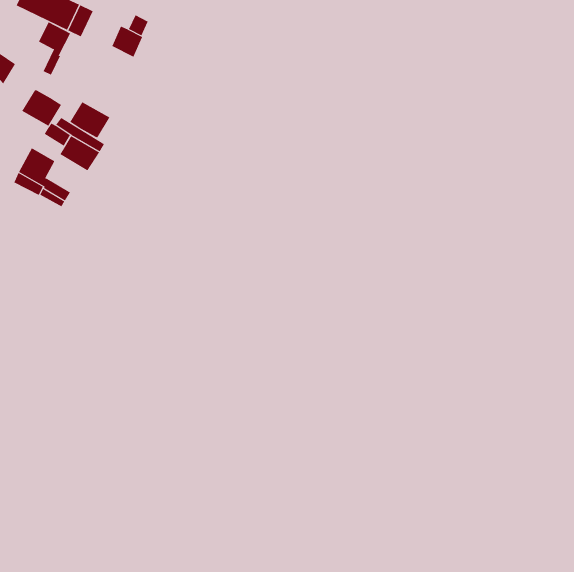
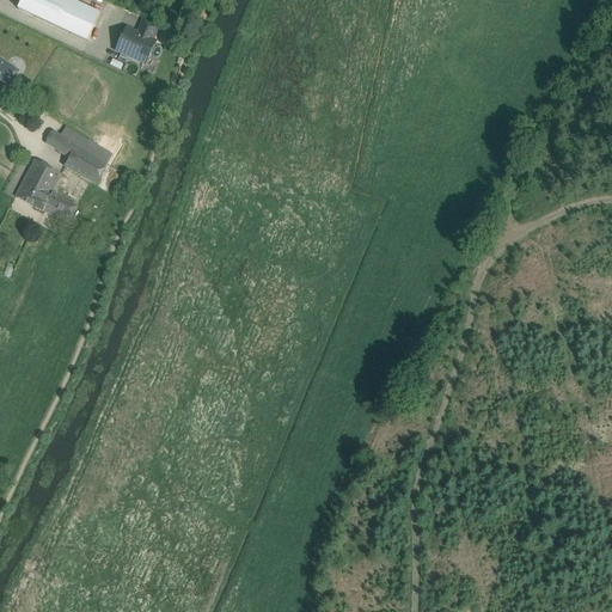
building: [38,21,71,75] -> none
building: [21,89,62,126] -> none
building: [69,101,110,138] -> none

